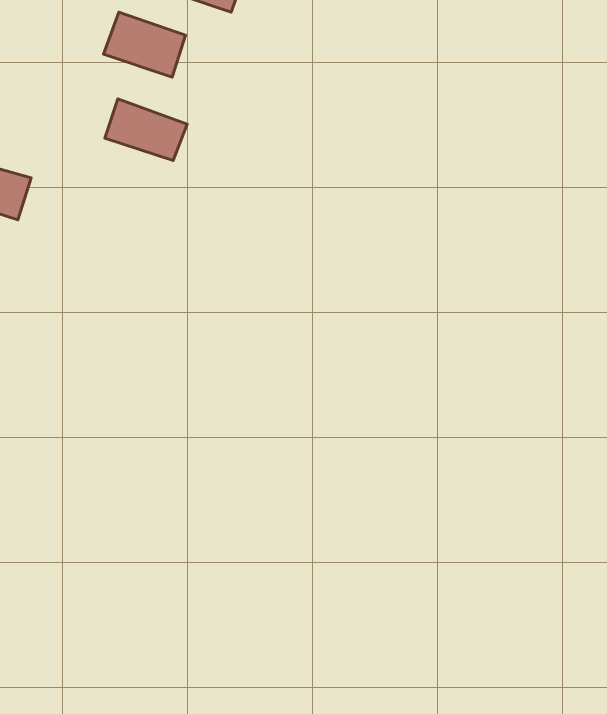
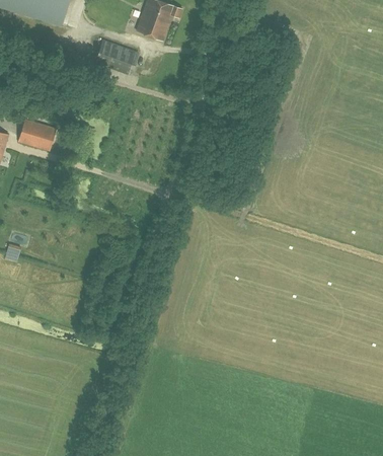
building: [105,99,187,161] -> none

